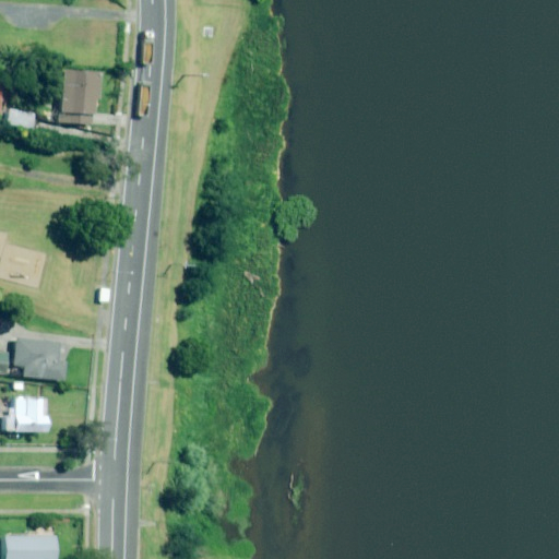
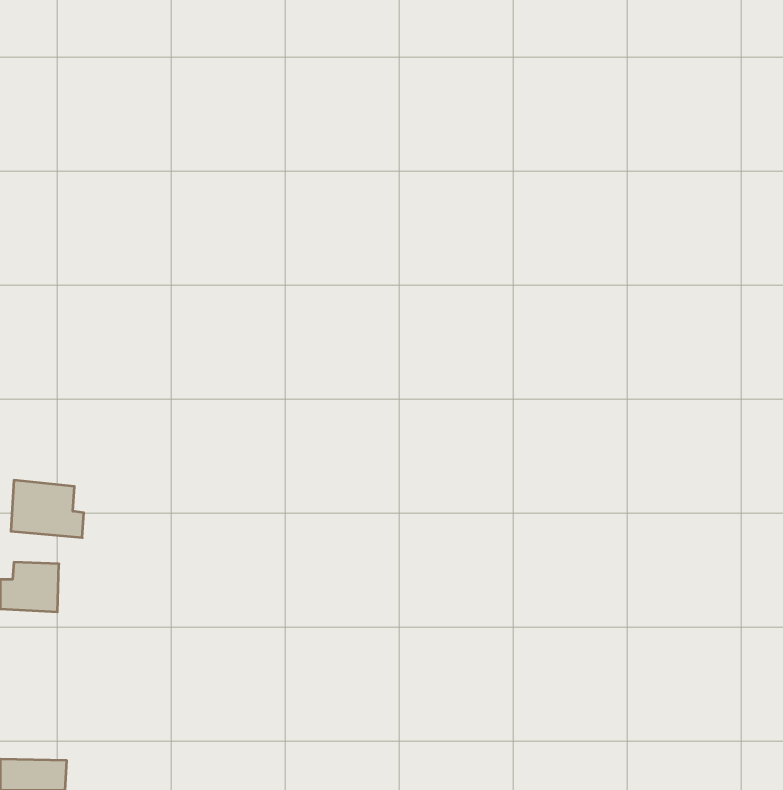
building: [61,70,99,123] -> none
building: [11,105,39,127] -> none

